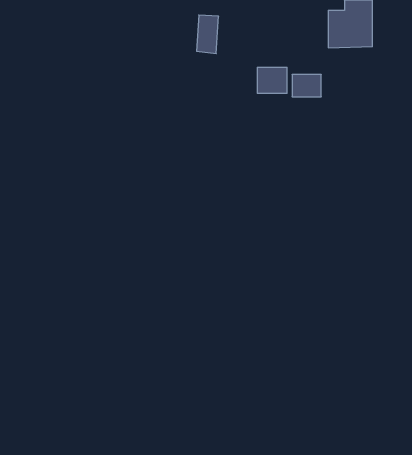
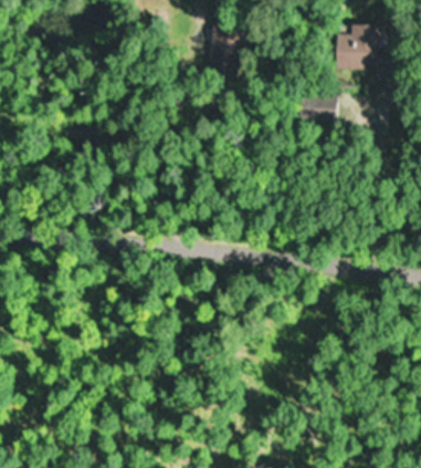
building: [257,67,287,93] -> none

